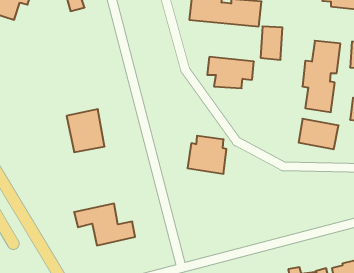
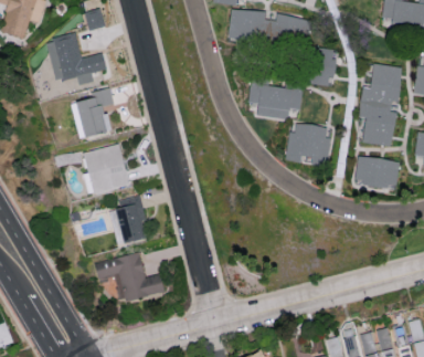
building: none -> [47,33,105,84]
building: none -> [75,88,114,137]
building: [187,136,226,174] -> [285,123,330,167]
building: none -> [115,196,146,243]

